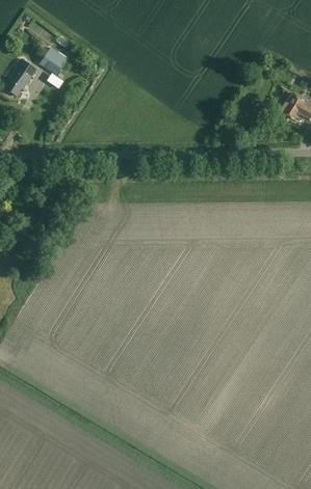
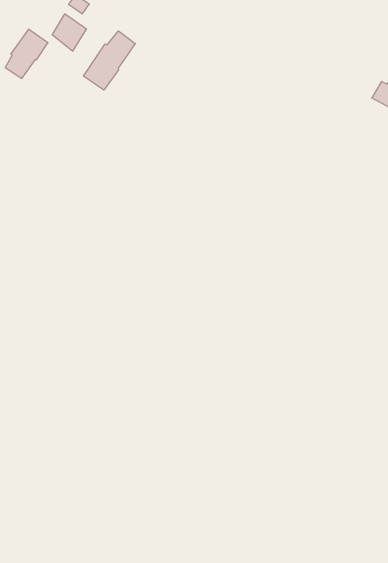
building: none -> [83,31,135,90]

